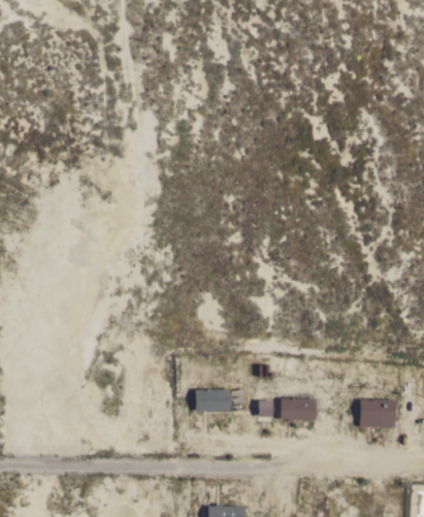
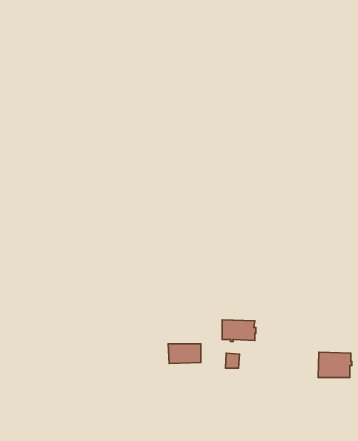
building: [281,397,318,421] -> [222,320,256,341]

